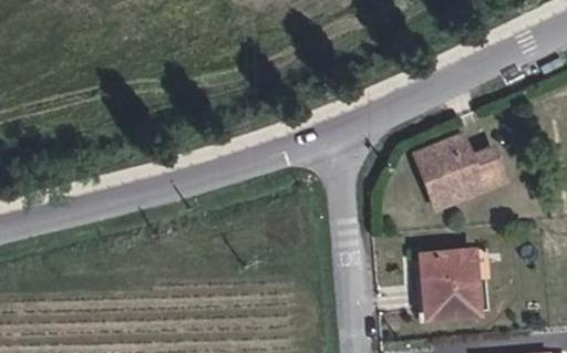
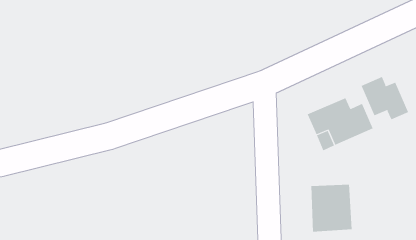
building: none -> [361,76,409,120]

